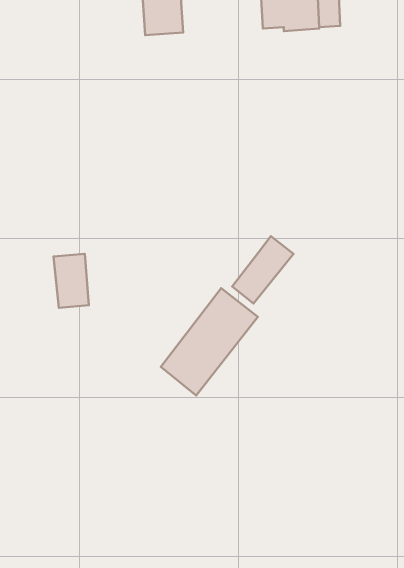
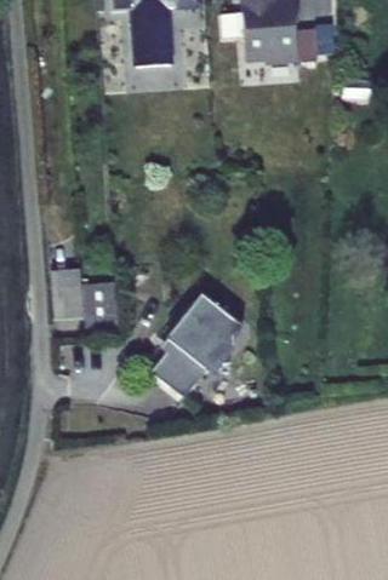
building: [232,236,294,303] -> none
building: none -> [81,282,119,334]

